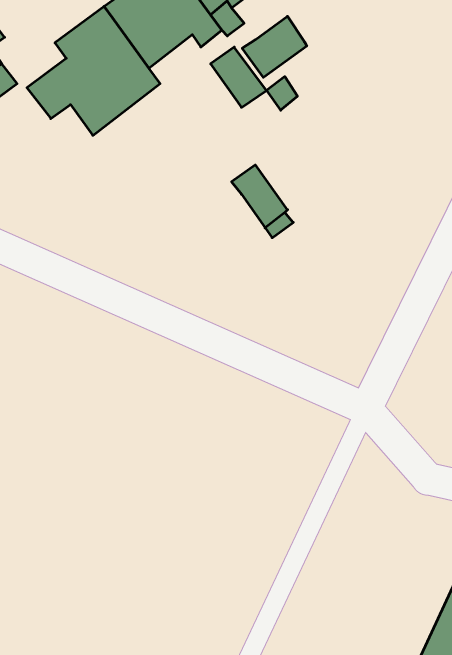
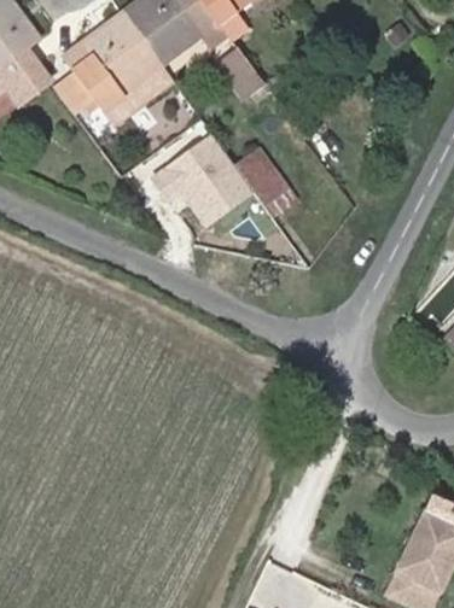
building: [242,16,307,77] -> none
building: none -> [150,134,252,229]

